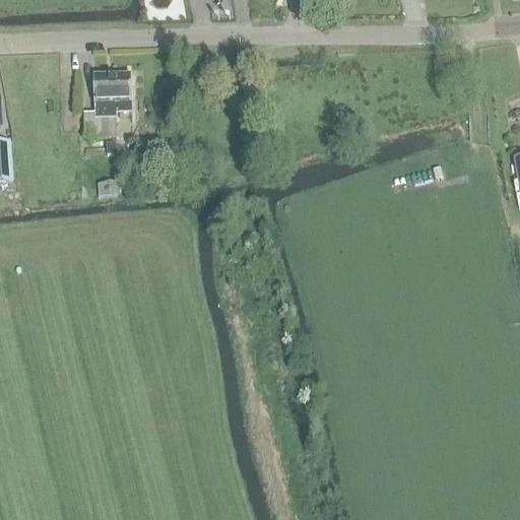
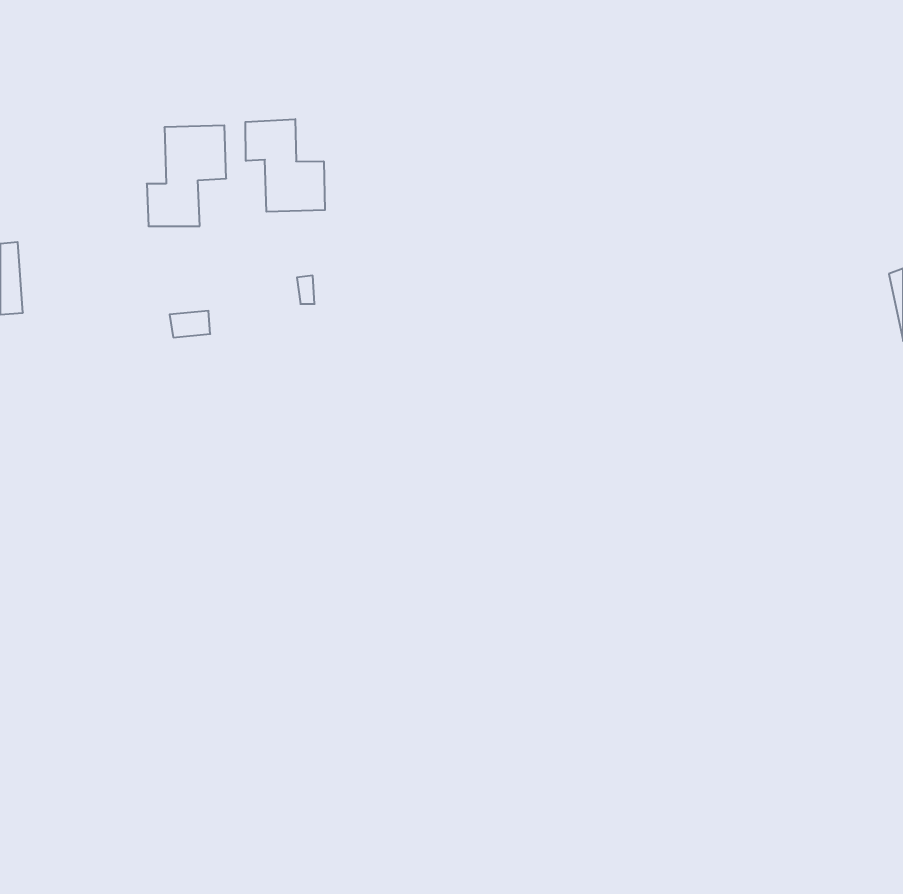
building: none -> [245,119,325,212]

